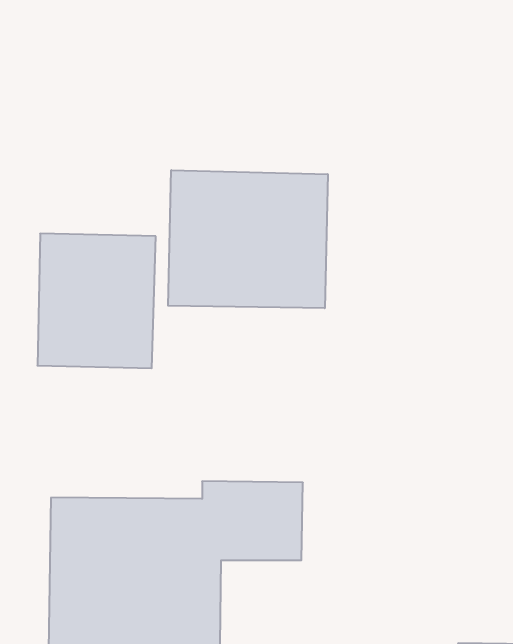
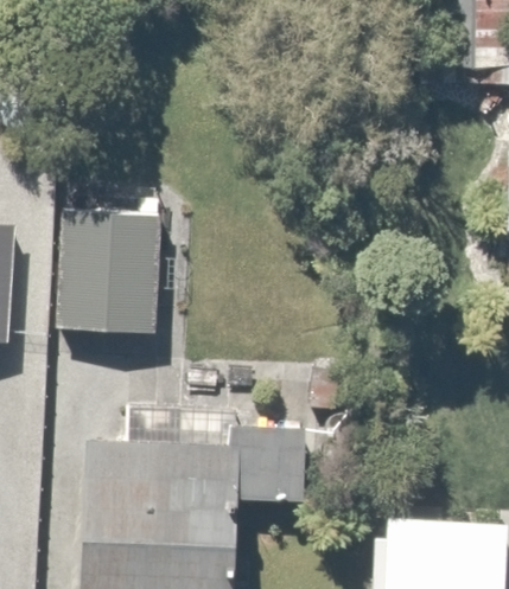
building: [168,170,328,308] -> none

